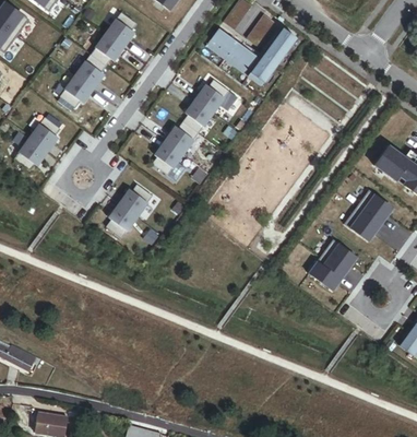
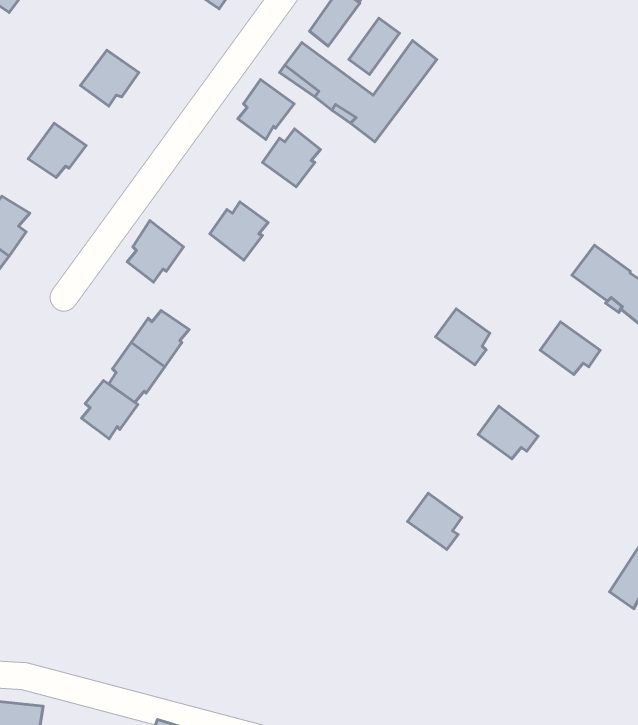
building: [105,12,136,46] -> none
building: [74,54,106,88] -> none
building: [182,98,215,133] -> [238,79,294,139]
building: [152,140,184,176] -> [127,220,184,282]
building: [345,208,377,240] -> [435,309,490,365]
building: none -> [82,380,138,439]
building: [309,257,341,290] -> [407,493,462,550]

